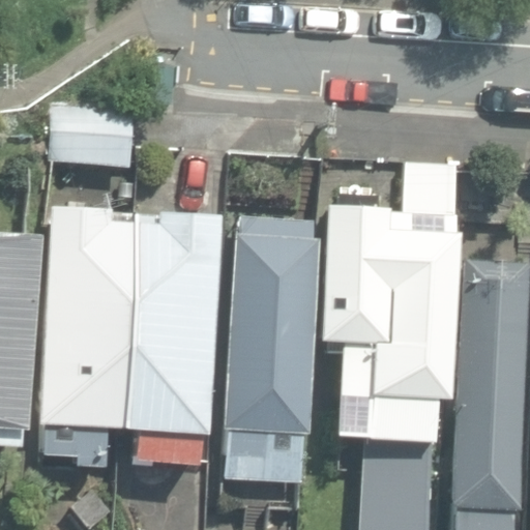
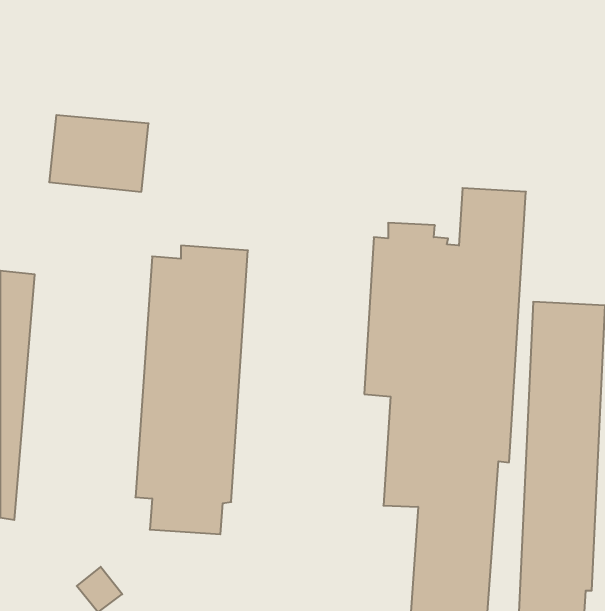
building: [39,208,132,468] -> none
building: [225,217,319,484] -> none

